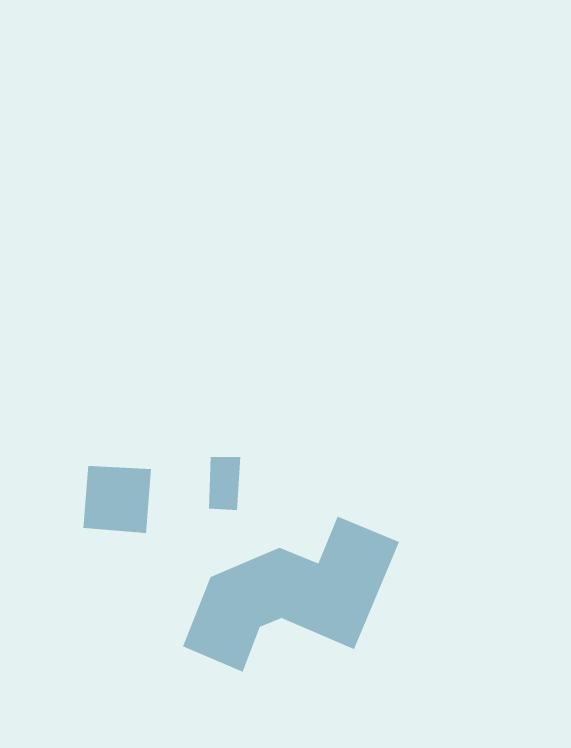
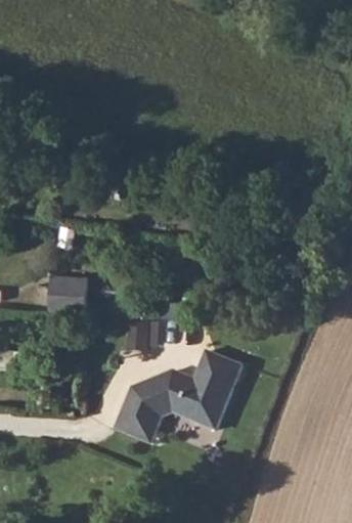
building: [82,466,152,533] -> [51,272,92,312]

